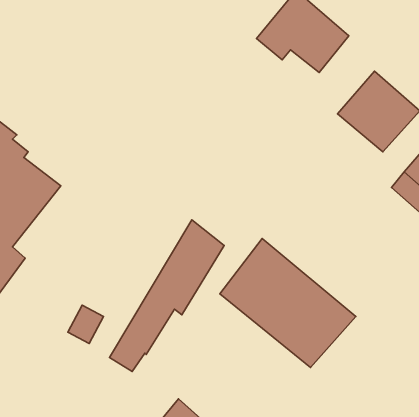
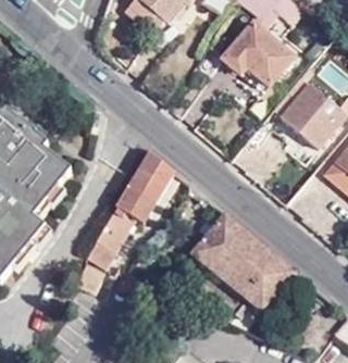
building: [109,220,224,372] -> [86,151,174,267]

